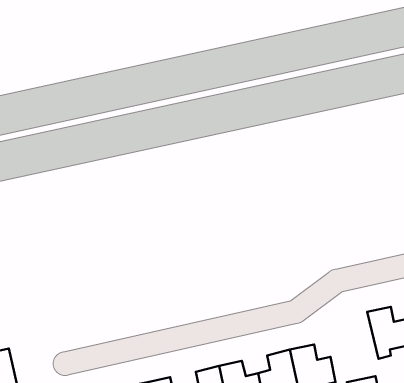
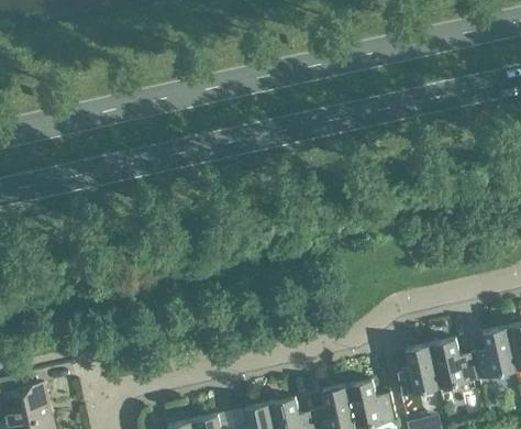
building: none -> [395,344,442,397]

